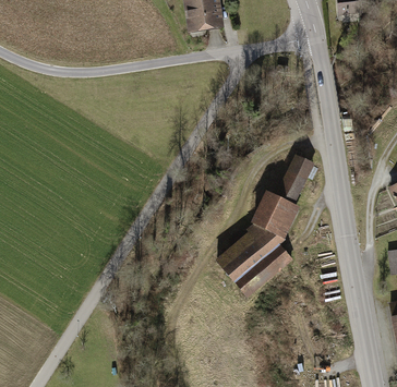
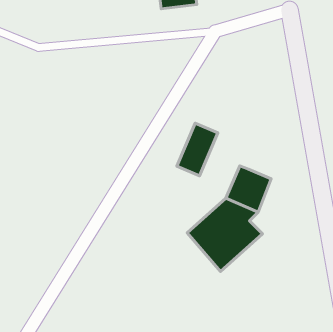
building: [276,153,317,206] -> [177,123,218,176]

